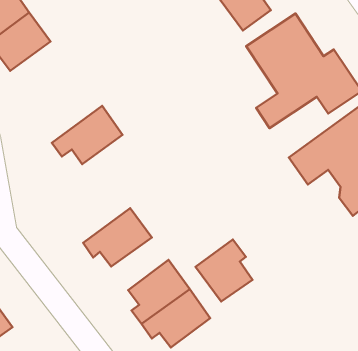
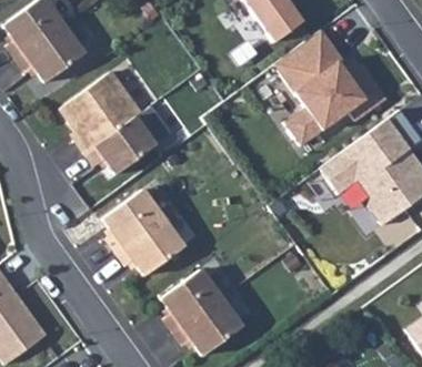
building: none -> [60,71,141,153]
building: none -> [102,188,163,252]
building: [195,240,252,301] -> none

